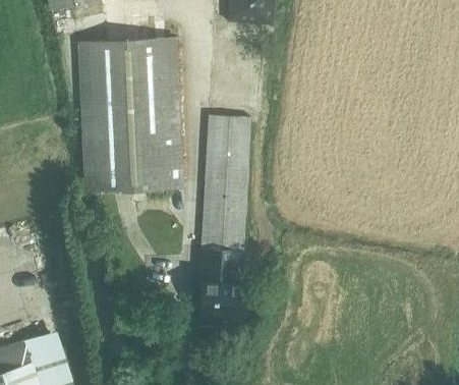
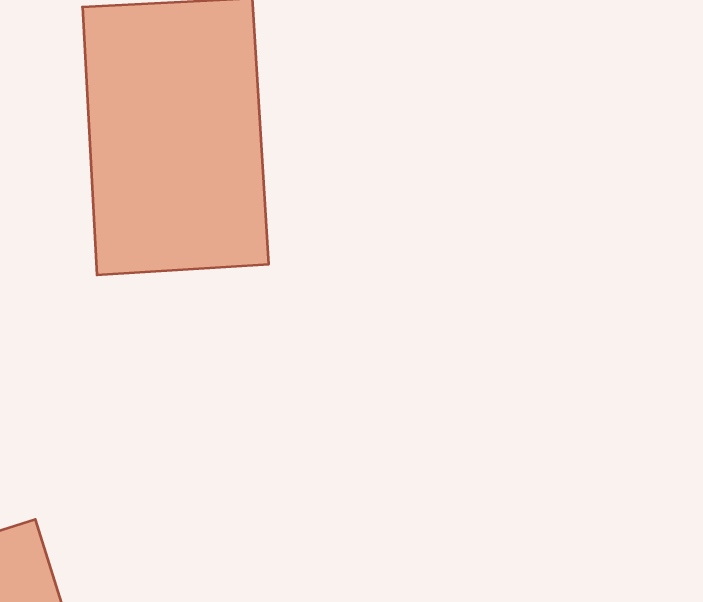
building: [193,115,253,326] -> none

